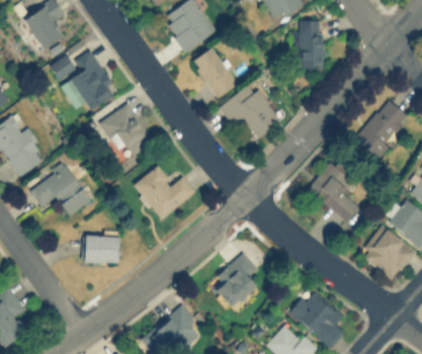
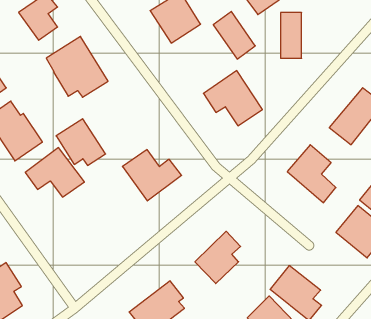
building: [192,48,237,98] -> [213,11,255,59]
building: [99,104,152,154] -> [56,119,106,165]
building: [85,237,118,263] -> none

